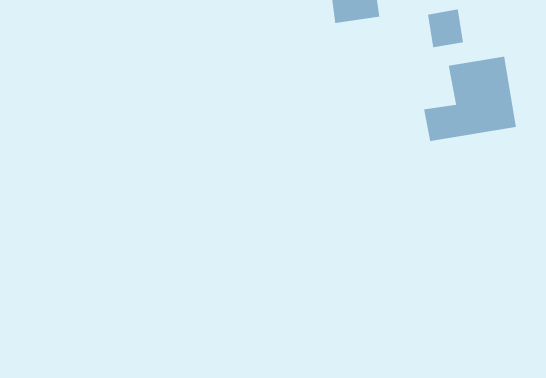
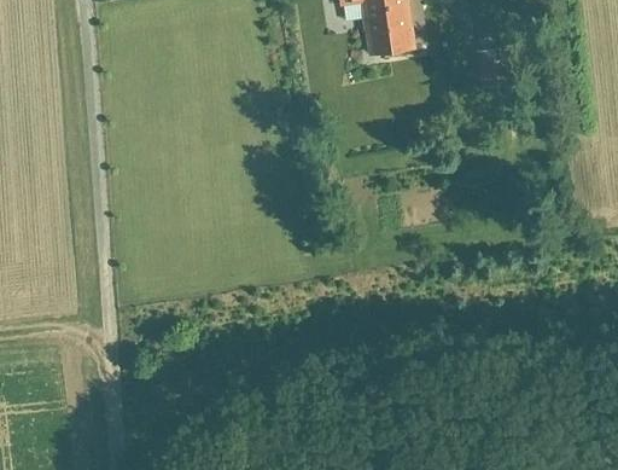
building: [424,56,517,142] -> none

